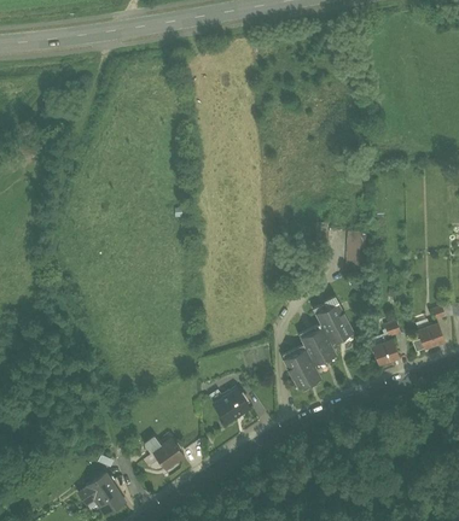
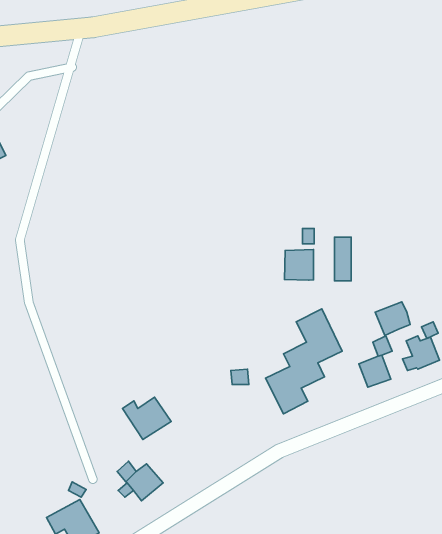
building: none -> [285,249,313,280]
building: none -> [375,302,410,335]
building: [207,386,252,426] -> [122,397,171,439]

